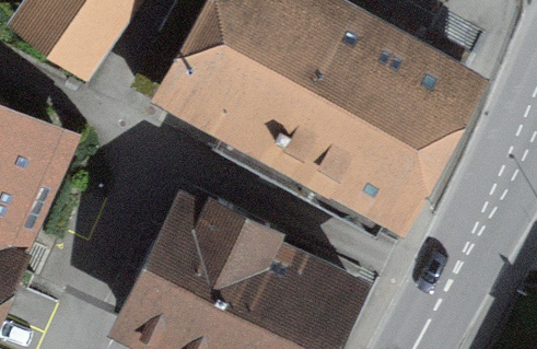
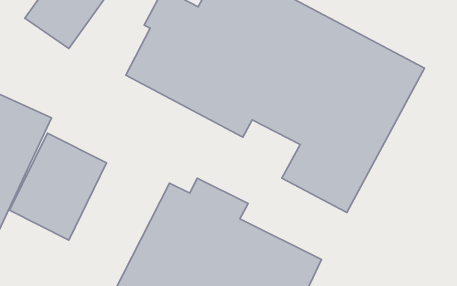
building: none -> [10,133,107,240]

